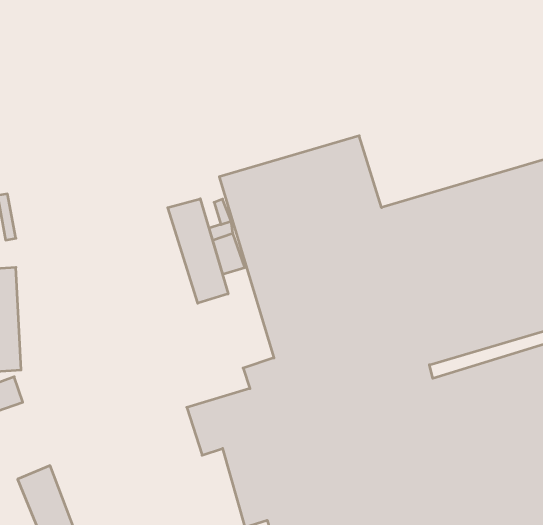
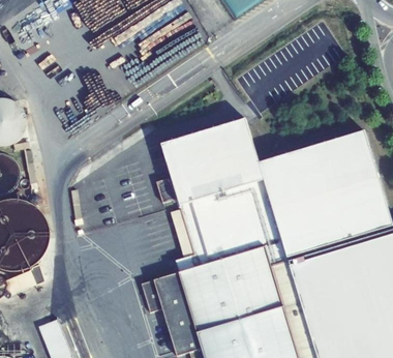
building: [168,199,228,303] -> none

